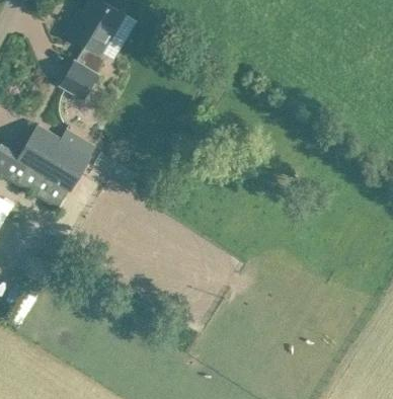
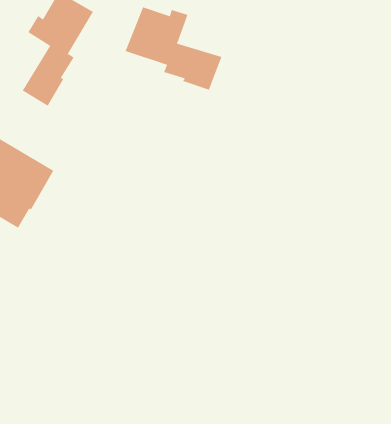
building: none -> [125,7,222,91]

